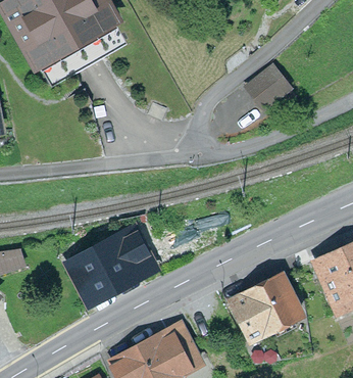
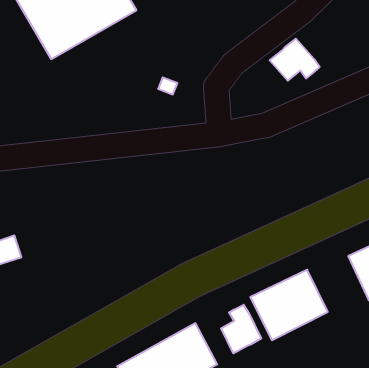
building: [68,230,148,296] -> none
building: none -> [221,305,261,353]

